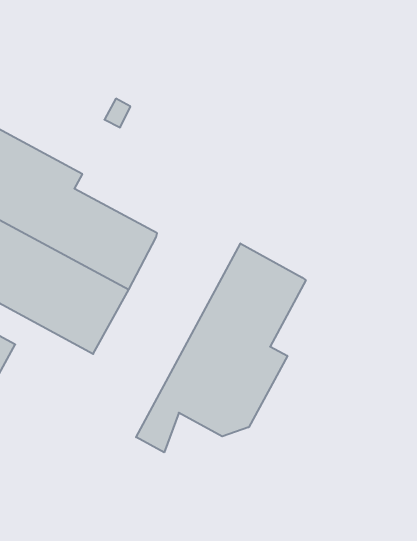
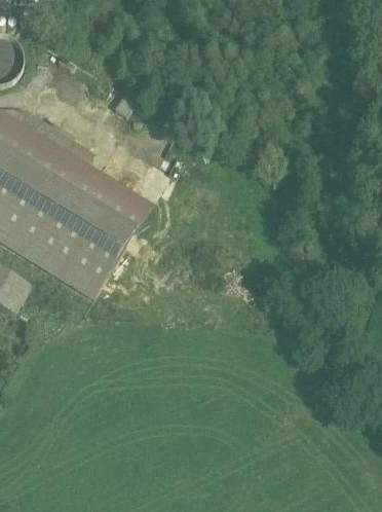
building: [136,243,306,452] -> none

